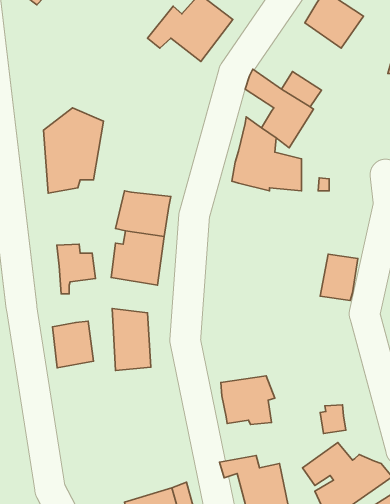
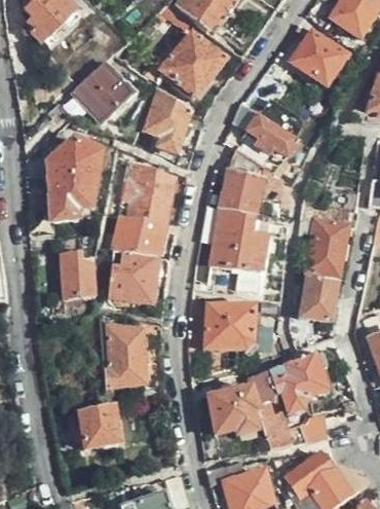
building: none -> [72,62,134,123]
building: none -> [140,85,194,158]
building: none -> [121,167,173,222]
building: none -> [212,208,266,274]
building: none -> [309,211,356,275]
building: none -> [206,304,256,351]
building: [53,321,94,368] -> [81,405,119,448]
building: none -> [250,350,328,435]

